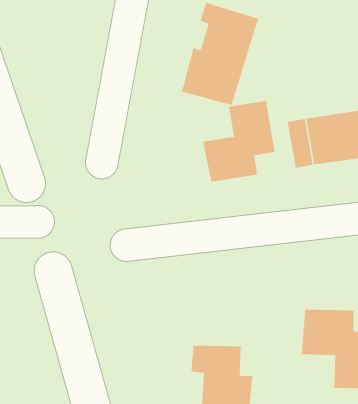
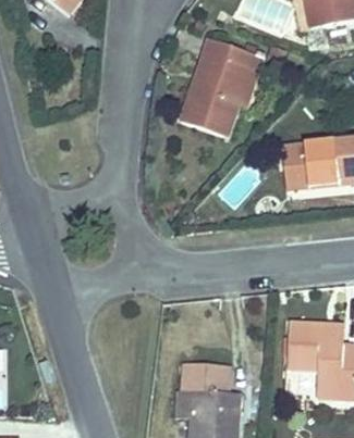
building: [202,100,275,183] -> none

